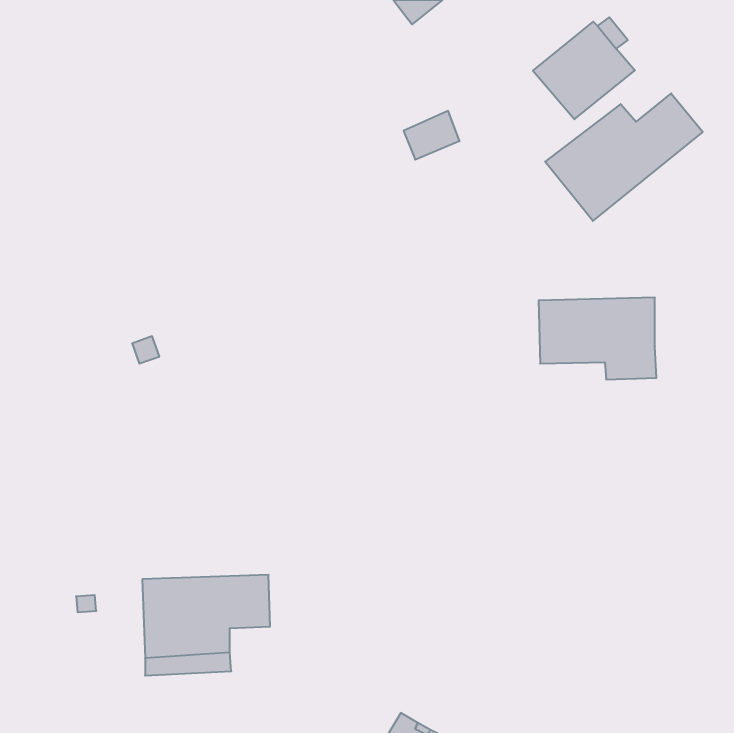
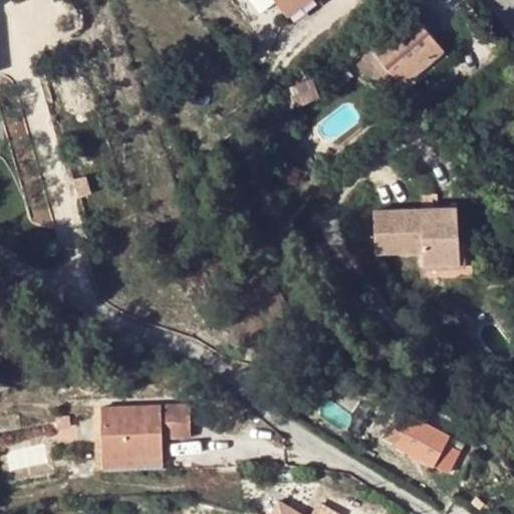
building: [545,93,703,221] -> none
building: none -> [387,413,459,473]

